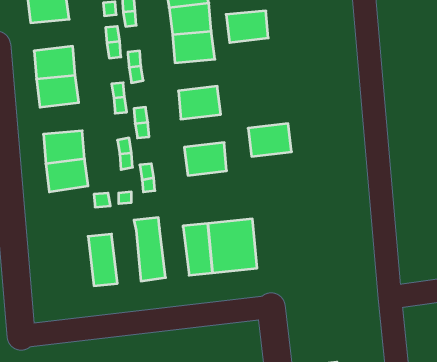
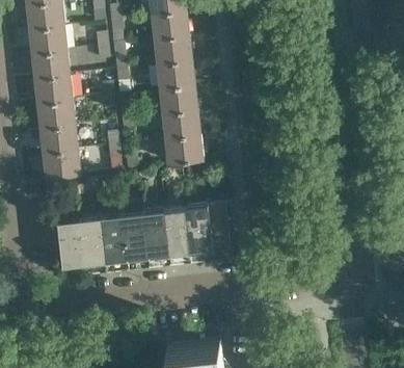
building: [226,11,268,43] -> [156,64,193,93]
building: none -> [28,29,65,57]
building: none -> [36,103,74,131]
building: [248,124,292,156] -> [161,113,199,142]
building: none -> [142,212,168,258]
building: none -> [100,216,126,263]
building: none -> [57,221,84,267]

